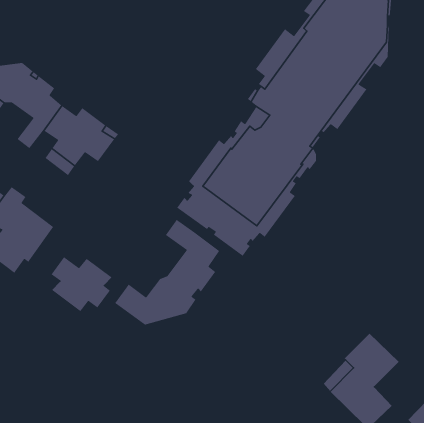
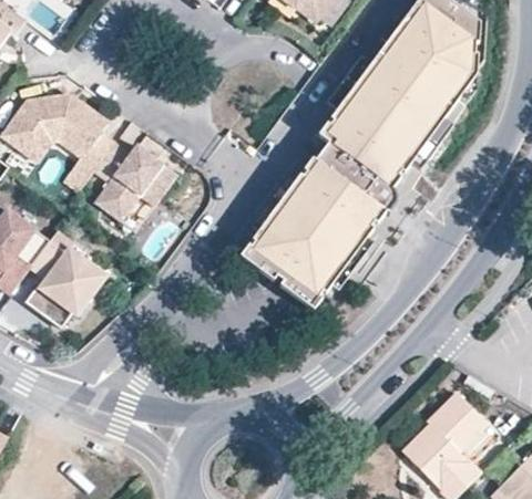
building: [114,219,220,326] -> none
building: [51,256,112,312] -> none

